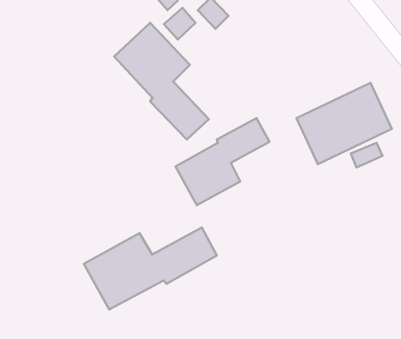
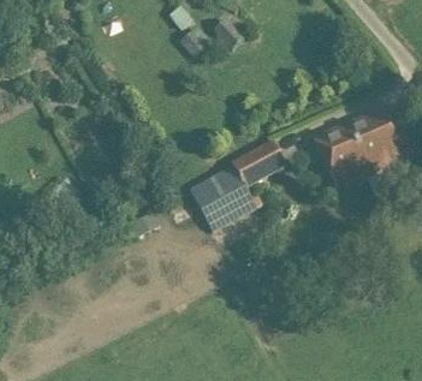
building: [114,23,209,140] -> none
building: [84,227,217,310] -> none

